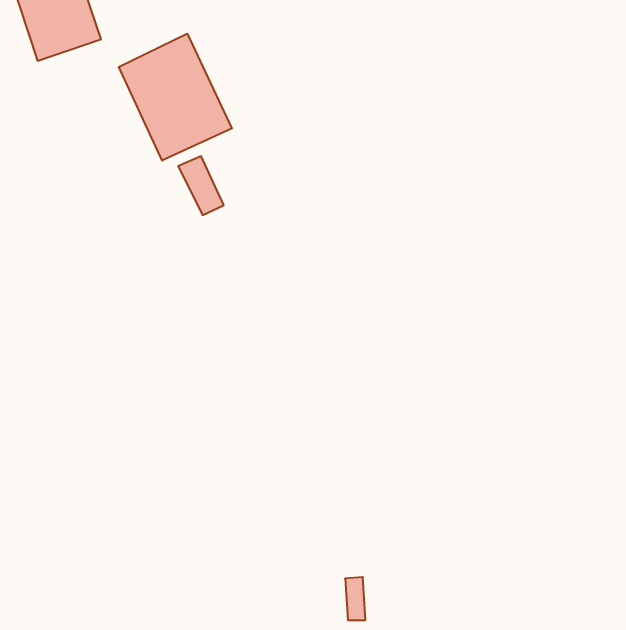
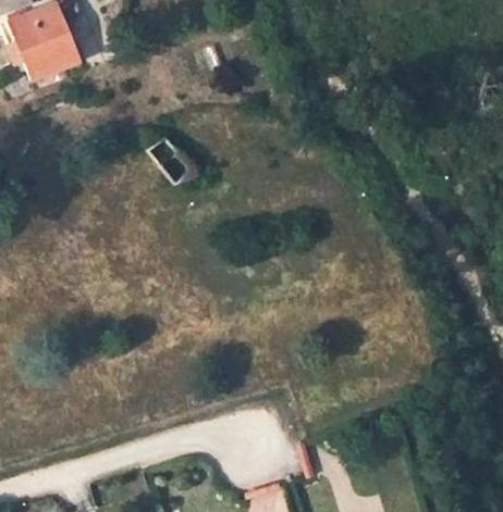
building: [119,34,232,161] -> none

